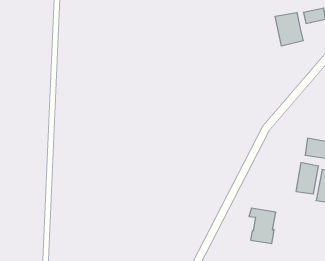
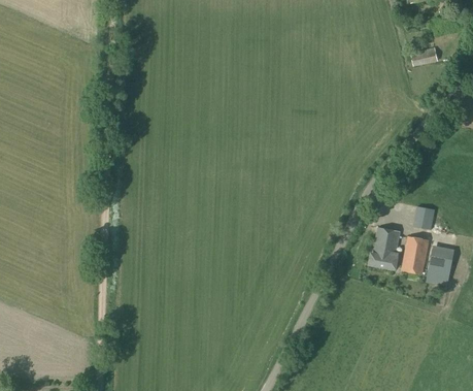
building: [275,12,303,46] -> none
building: [249,208,276,244] -> [367,225,400,268]

